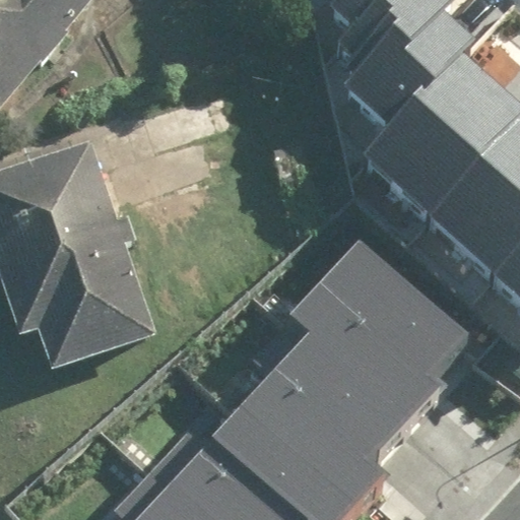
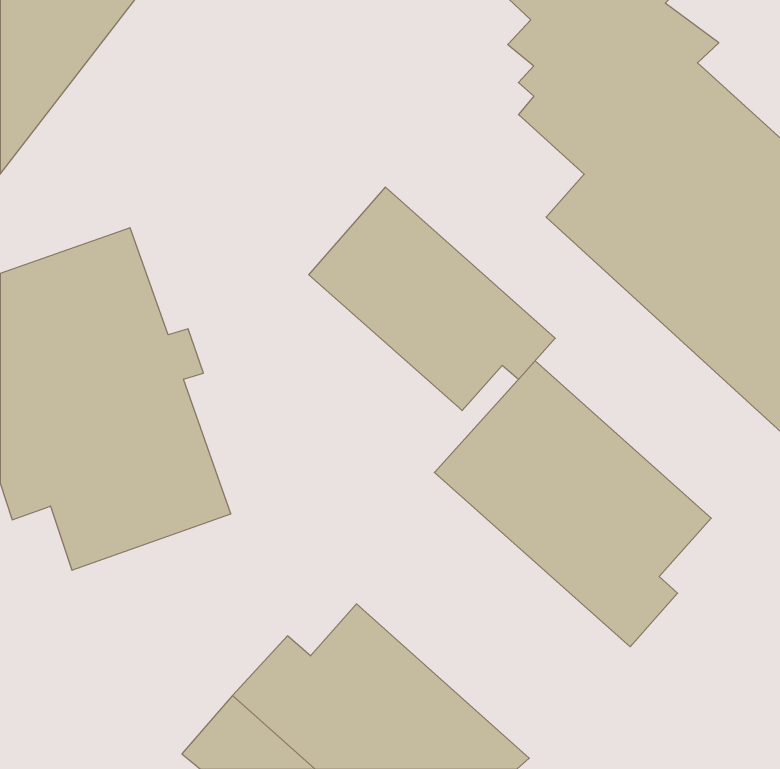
building: none -> [309,187,555,411]
building: [238,314,419,504] -> none

